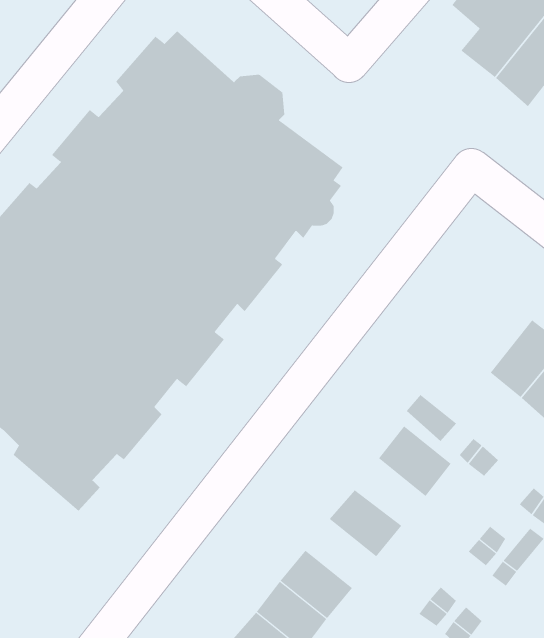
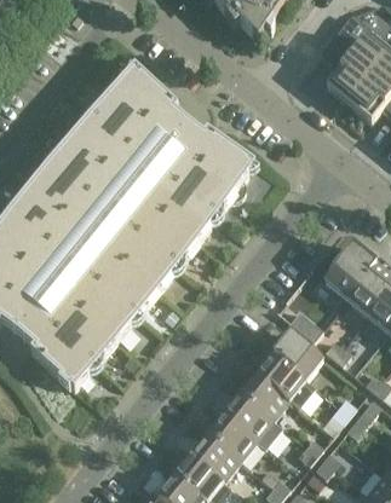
building: none -> [322,244,372,296]
building: none -> [254,353,301,398]
building: none -> [222,393,269,439]

